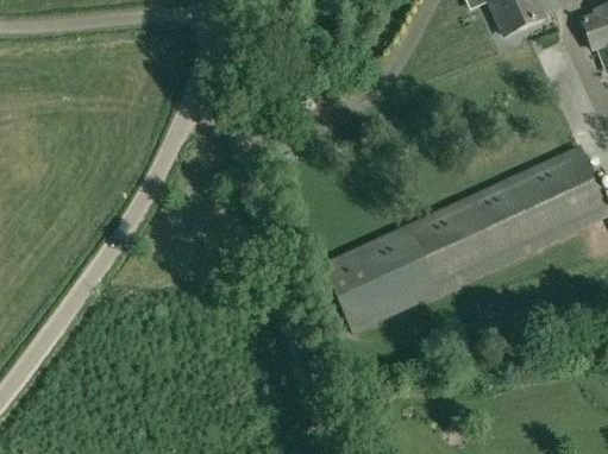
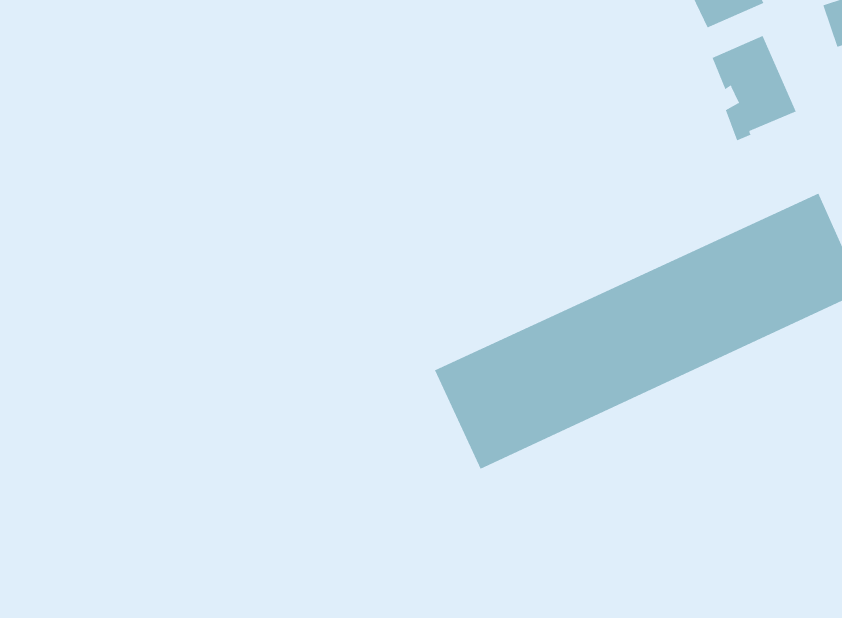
building: none -> [712,35,796,141]

